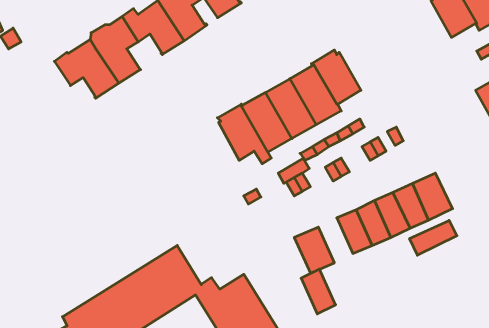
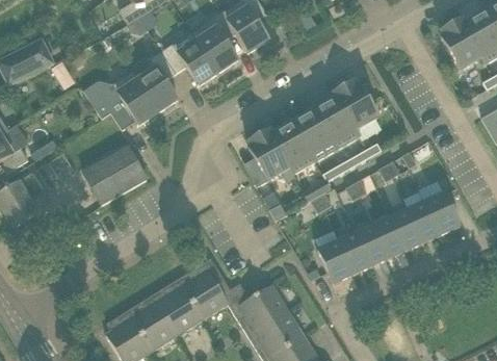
building: none -> [83,147,147,205]
building: [410,220,457,255] -> none
building: [301,269,336,314] -> [339,233,370,274]

